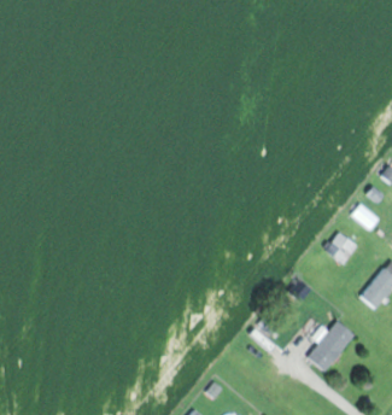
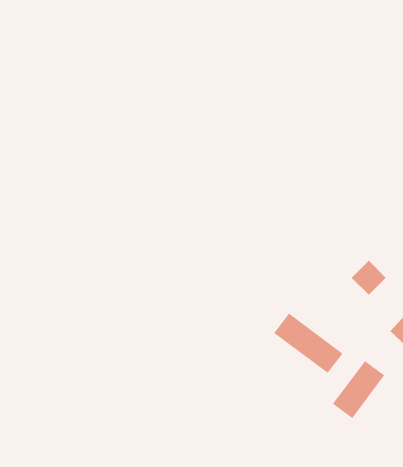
building: none -> [273,313,343,374]

